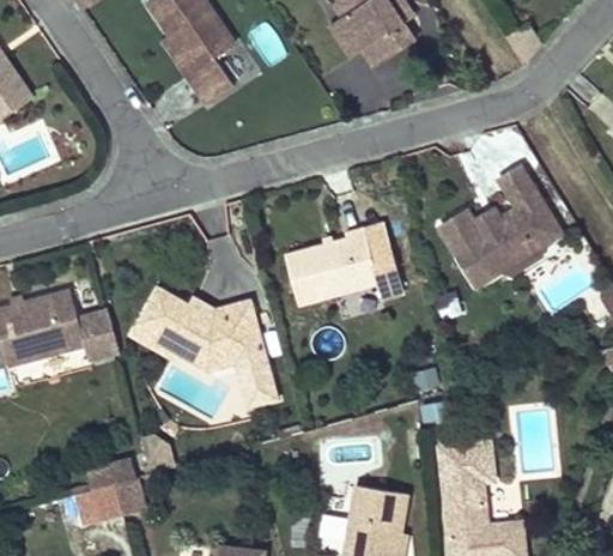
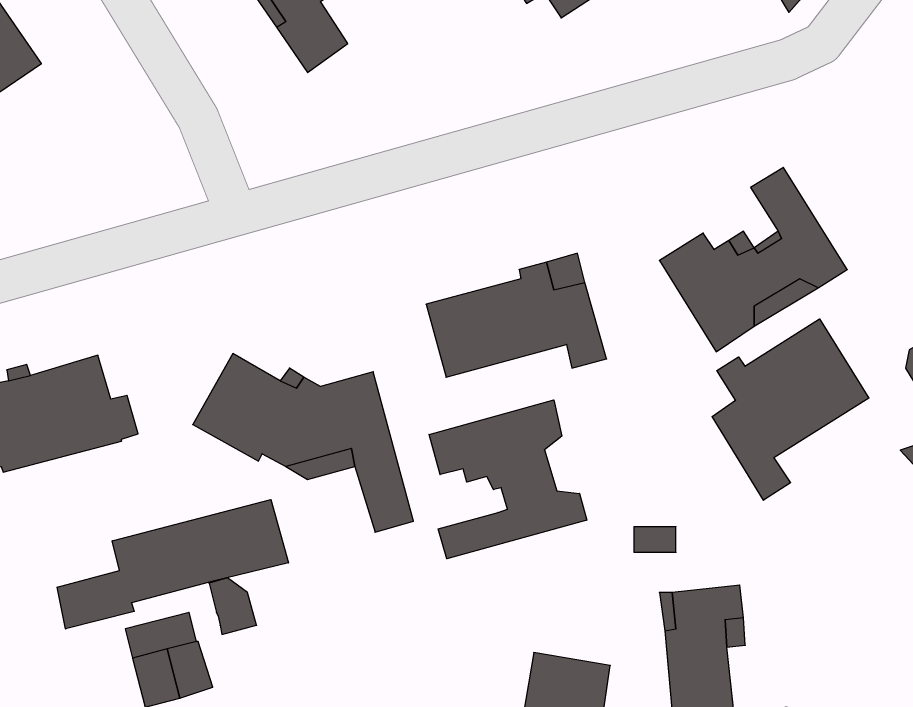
building: none -> [712,319,869,500]
building: none -> [429,400,587,559]
building: none -> [57,500,288,629]

